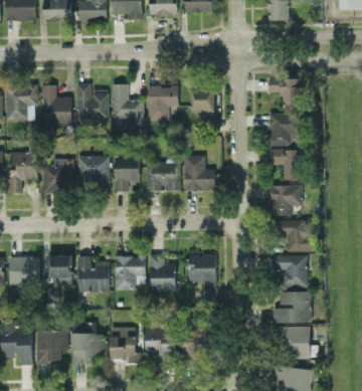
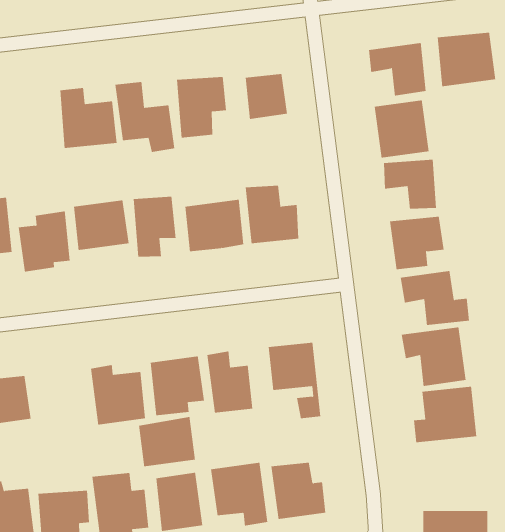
building: none -> [437,32,496,87]
building: [43,84,72,126] -> none
building: [48,255,72,284] -> none
building: none -> [139,416,195,467]
building: [278,326,311,359] -> none

